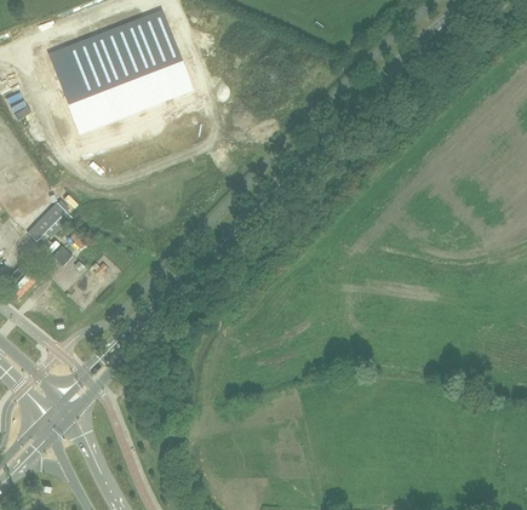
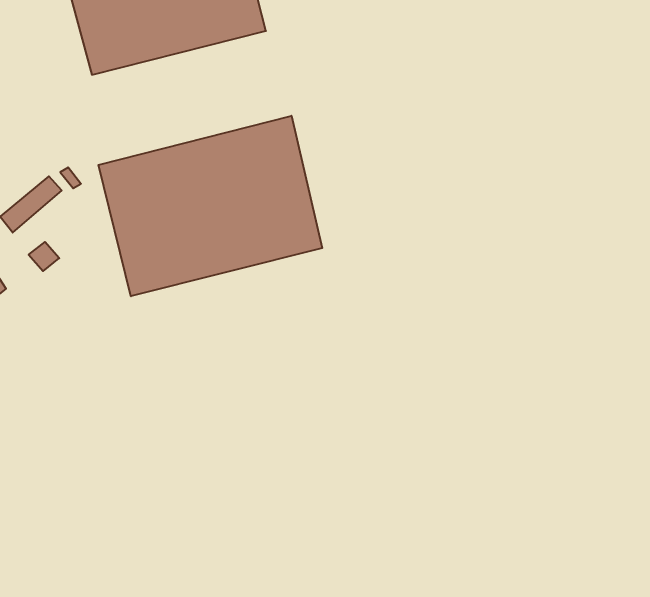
building: none -> [98,116,322,296]

